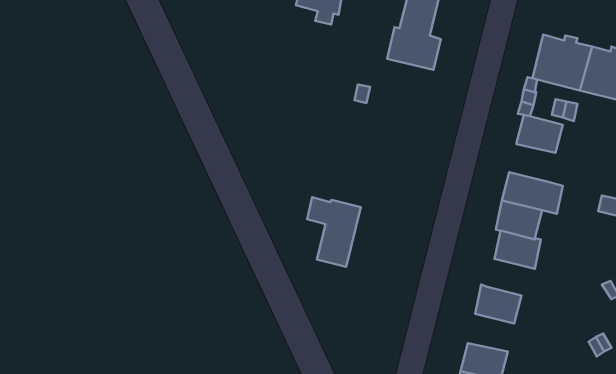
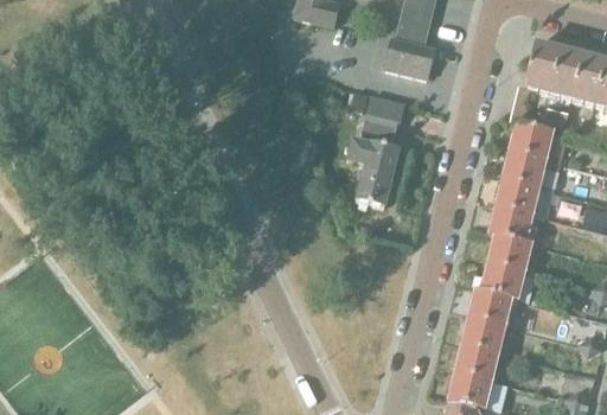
building: none -> [360,92,405,139]
building: none -> [501,149,547,186]
building: [307,197,361,267] -> [347,138,400,205]
building: none -> [480,261,526,299]
building: none -> [461,314,512,355]

